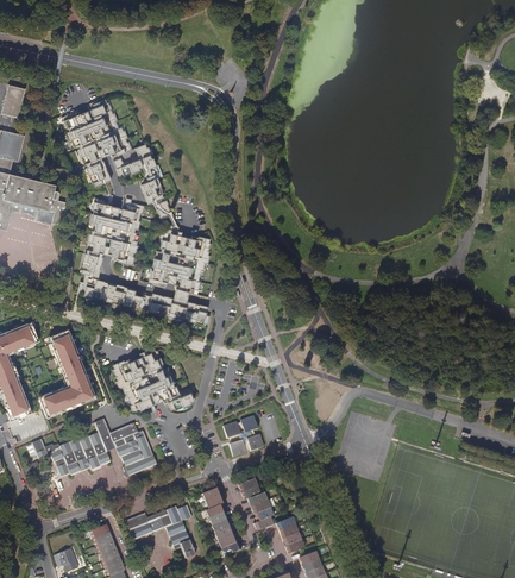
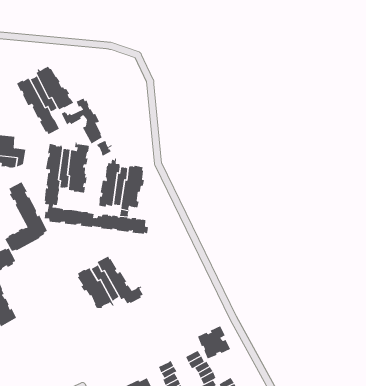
building: [38,328,94,415] -> [4,181,48,252]
building: [224,415,264,456] -> [197,326,231,359]
building: [27,417,156,477] -> none

